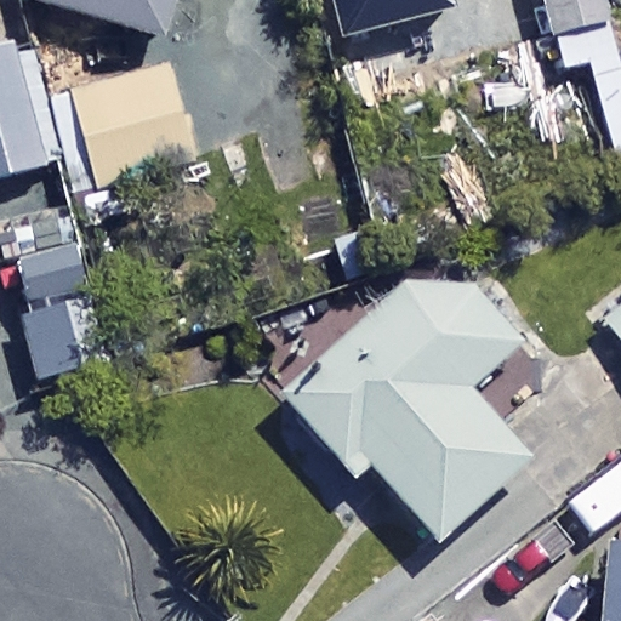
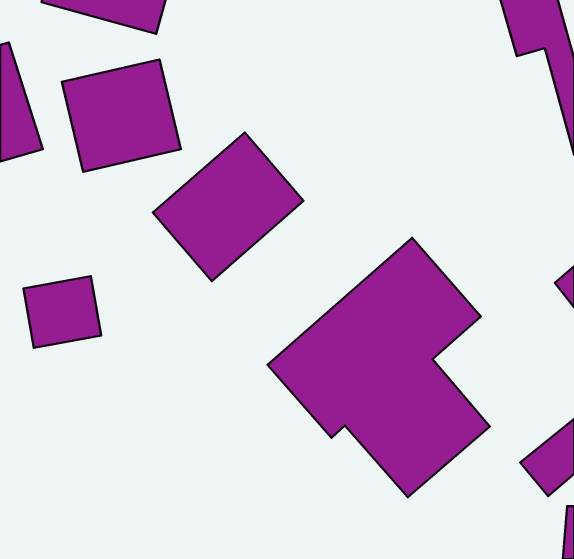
building: none -> [153,132,304,281]

